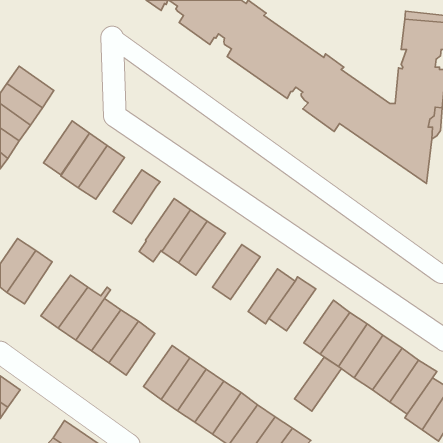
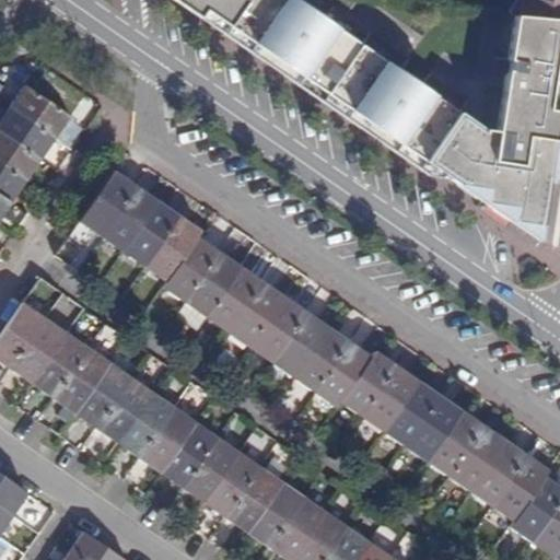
building: [43,121,90,175] -> [122,200,180,268]
building: none -> [163,236,221,304]
building: none -> [248,295,306,363]
building: none -> [292,325,351,394]
building: none -> [33,331,91,399]
building: none -> [161,421,219,488]
building: [294,357,341,411] -> [362,365,421,433]

